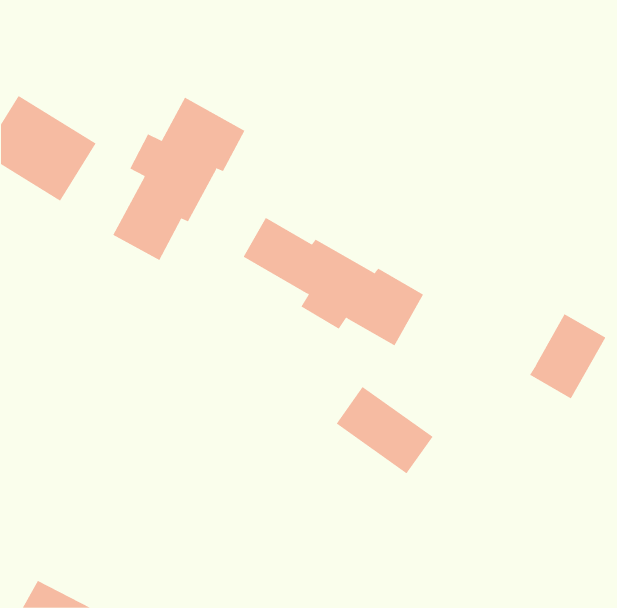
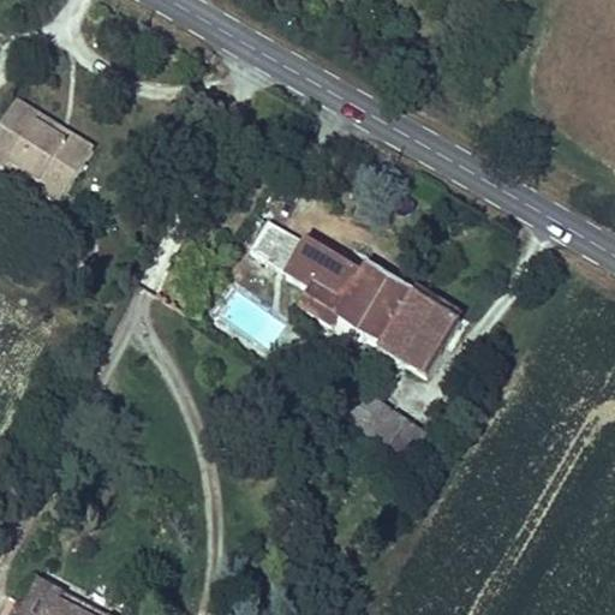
building: [113,97,245,261] -> none
building: [529,313,606,399] -> [387,293,464,378]

